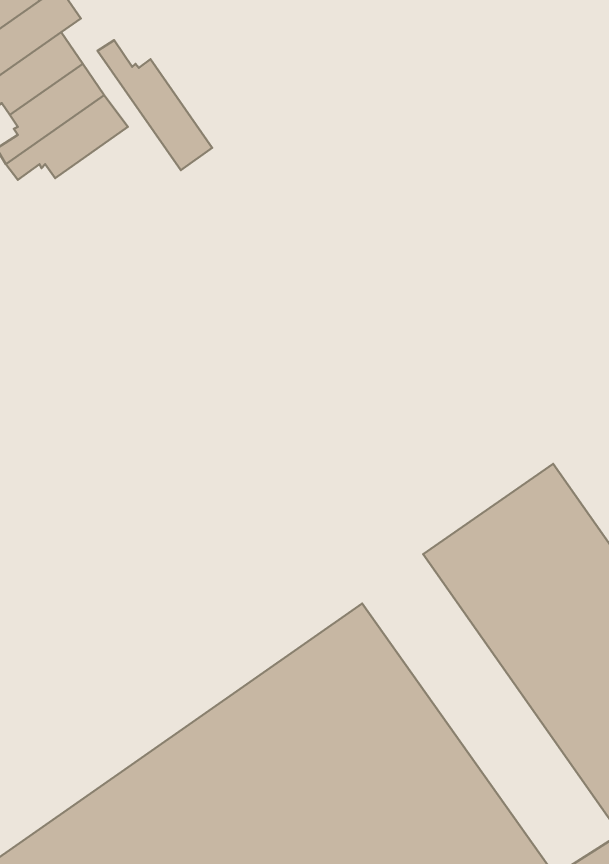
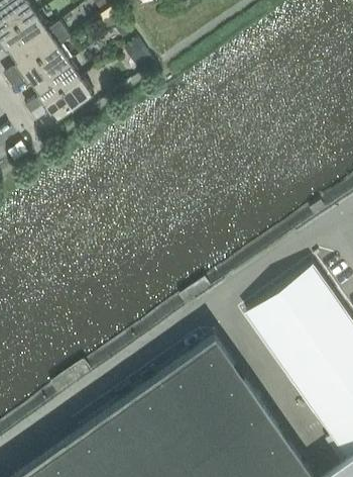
building: [97,40,212,170] -> none

